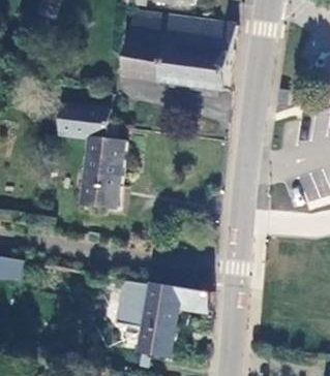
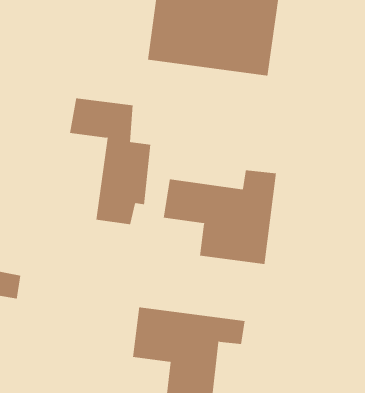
building: none -> [163,169,277,265]

